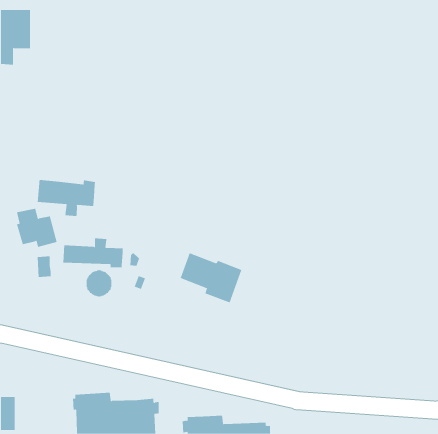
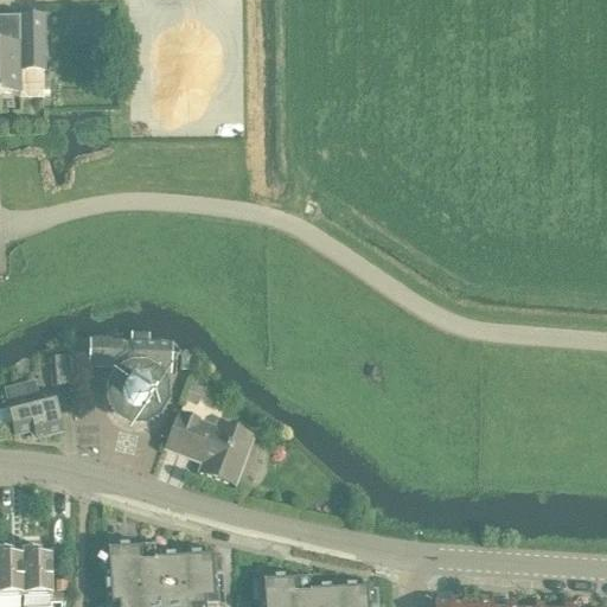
building: [37,179,96,217] -> none
building: [16,208,57,247] -> [5,382,62,436]
building: [180,253,242,303] -> [165,413,251,483]
building: none -> [21,544,51,596]

